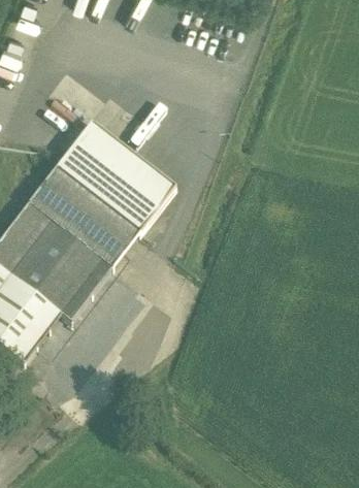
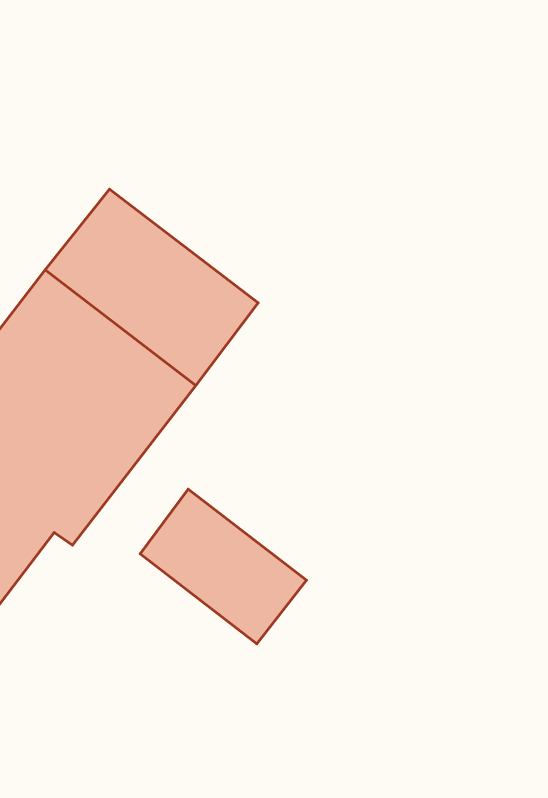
building: none -> [140,489,307,644]

